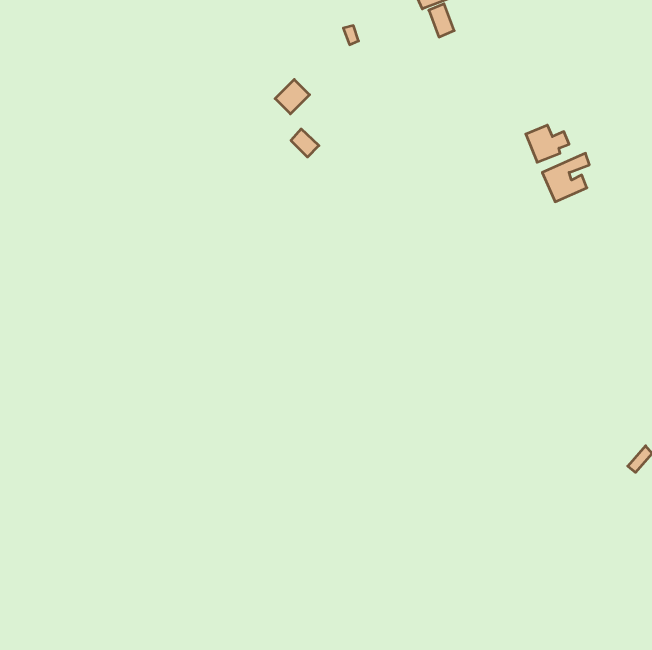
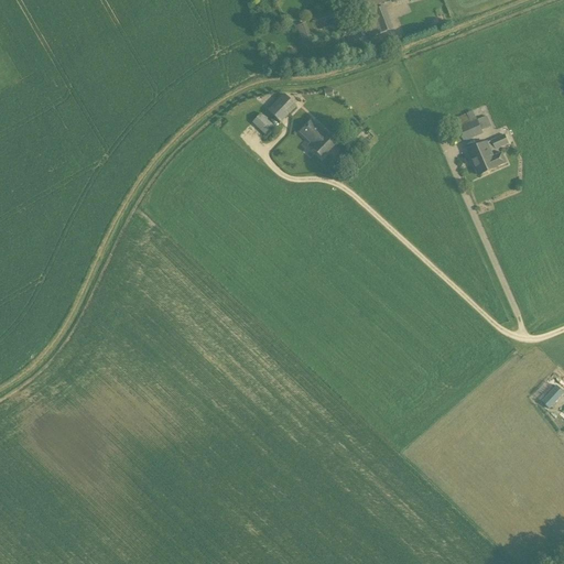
building: [275,79,310,114] -> [267,91,296,121]
building: none -> [300,118,336,156]

